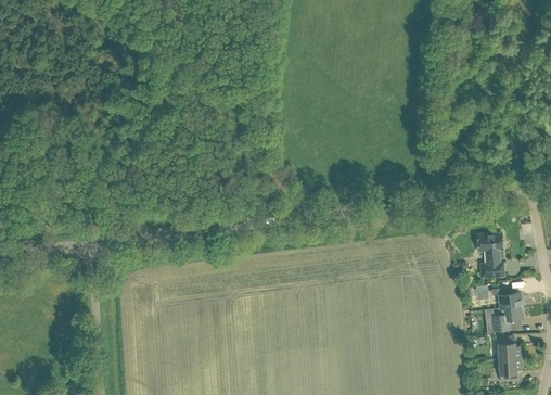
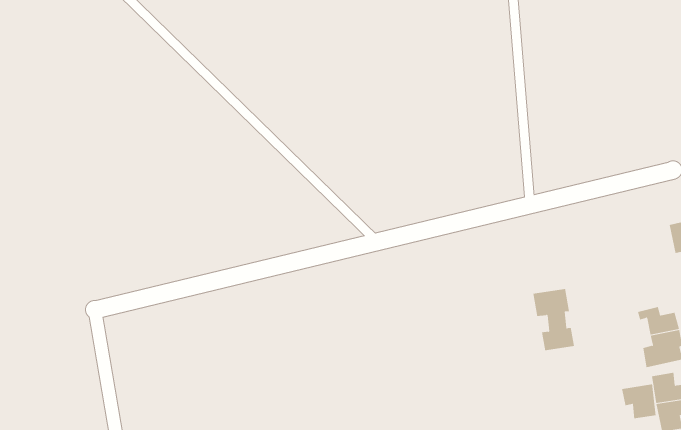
building: [476,233,503,278] -> [533,288,575,351]
building: none -> [622,384,656,419]

